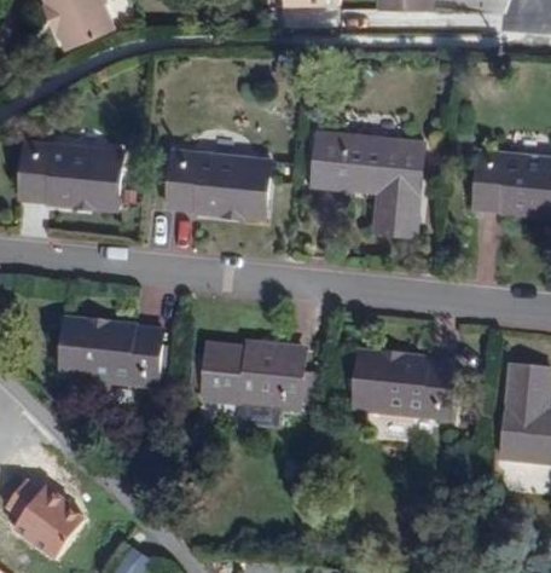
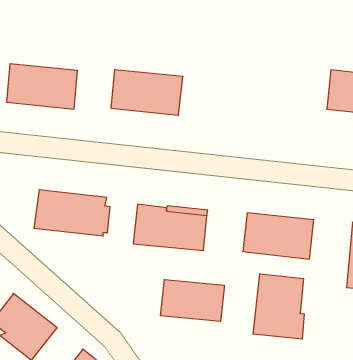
building: [313,131,424,235] -> none
building: none -> [253,274,304,339]
building: none -> [160,279,224,322]

